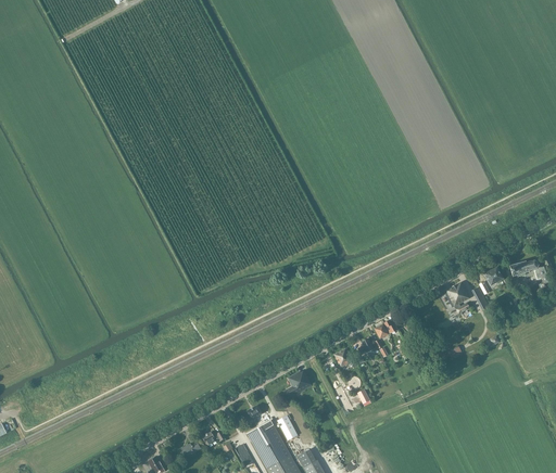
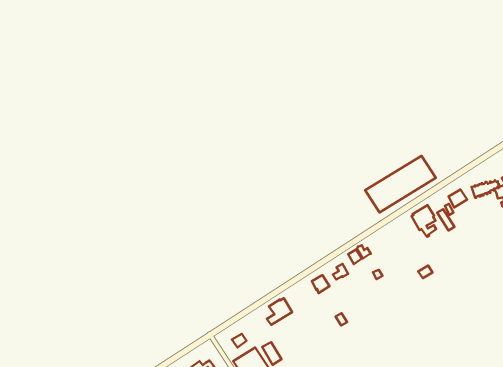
building: none -> [365,156,436,212]

